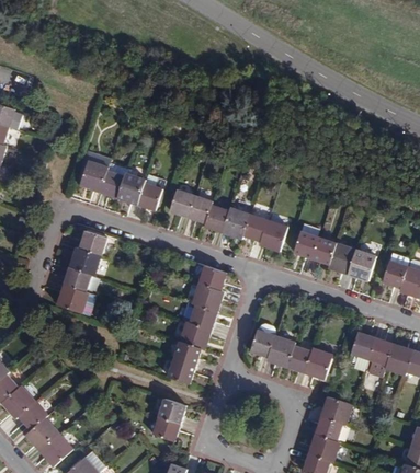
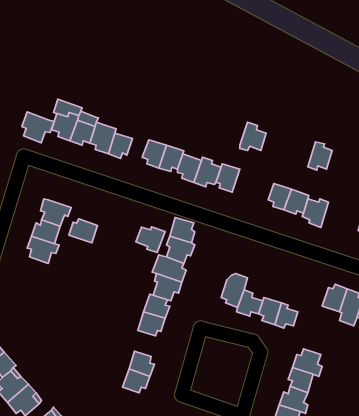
building: none -> [22,112,54,143]
building: [261,218,287,246] -> [240,122,266,151]
building: [77,232,105,256] -> [69,219,97,243]
building: [350,251,374,279] -> [308,142,332,170]
building: none -> [136,227,165,252]

